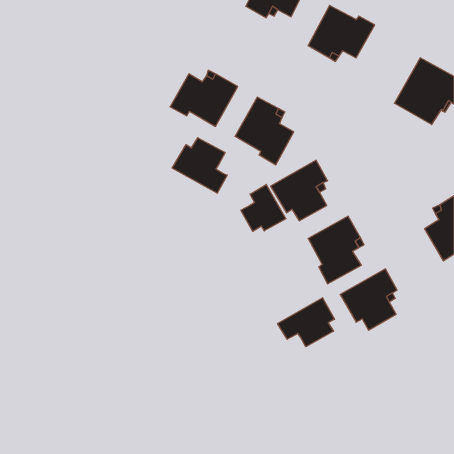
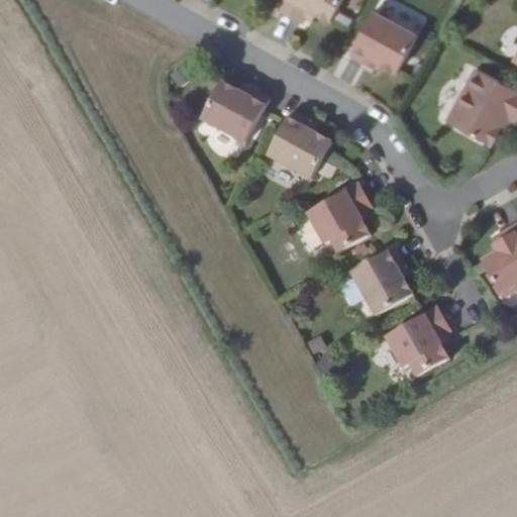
building: [172,138,227,193] -> none
building: [241,184,286,231] -> none
building: [278,298,335,347] -> none

